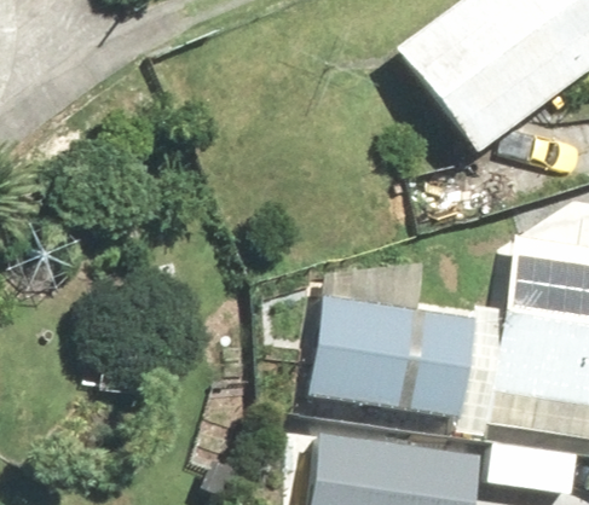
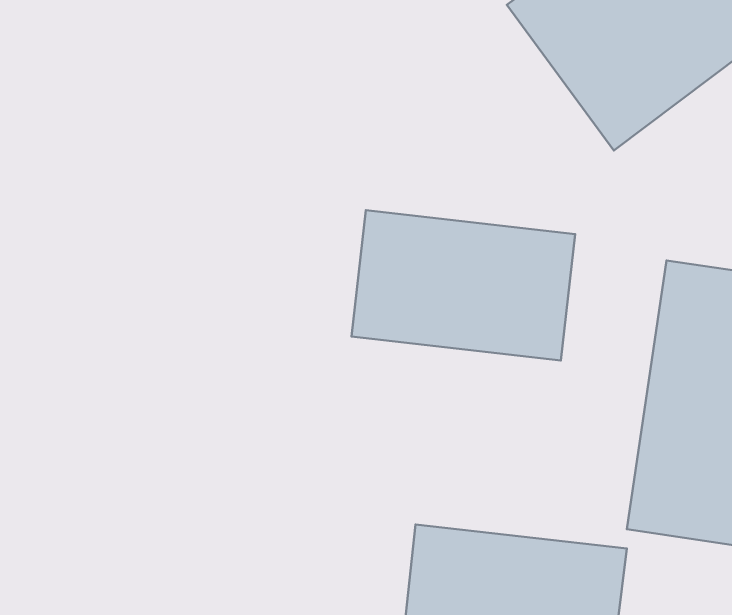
building: [313,306,483,419] -> [351,210,575,361]

